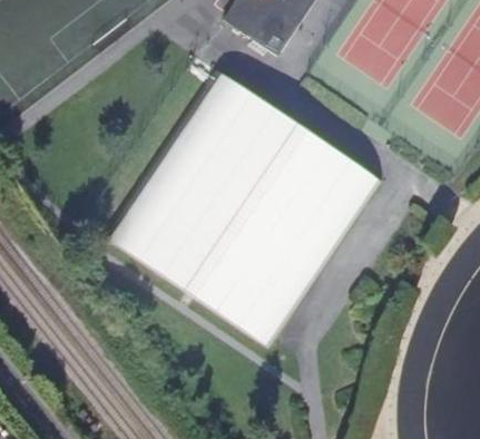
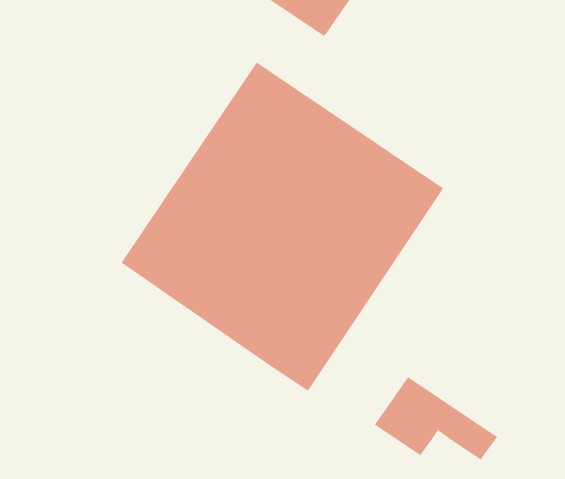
building: none -> [374,376,498,460]

